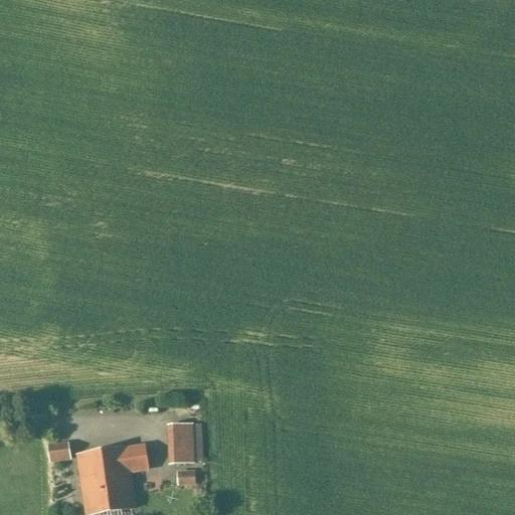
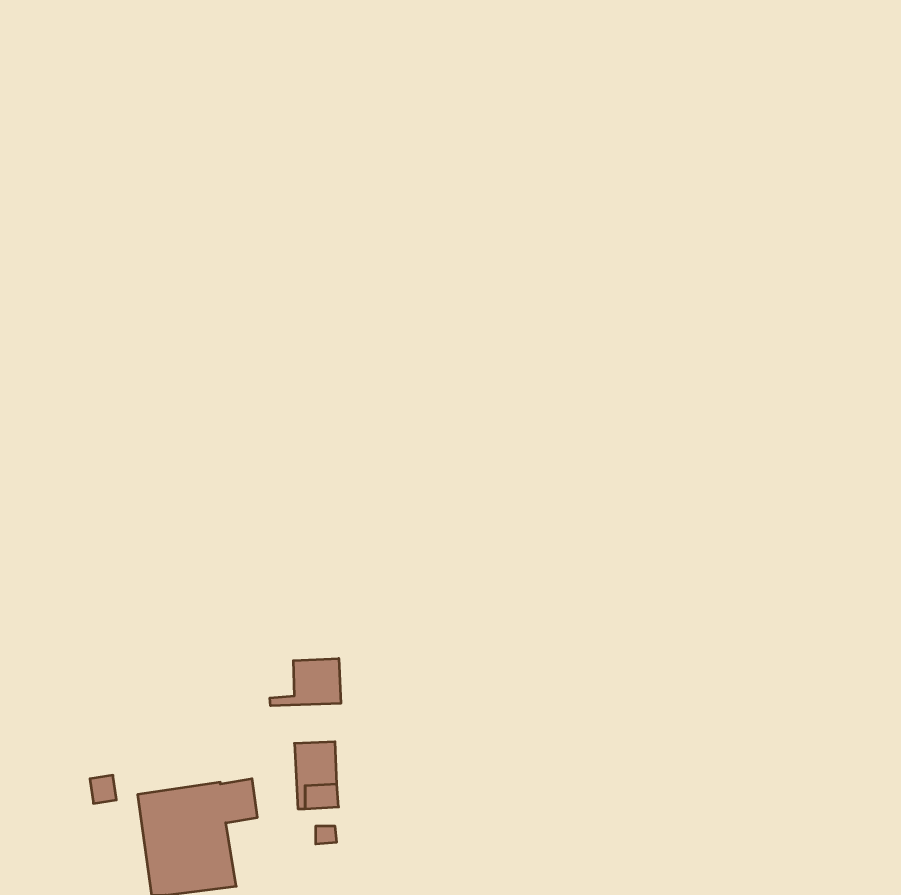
building: none -> [270,658,341,706]

